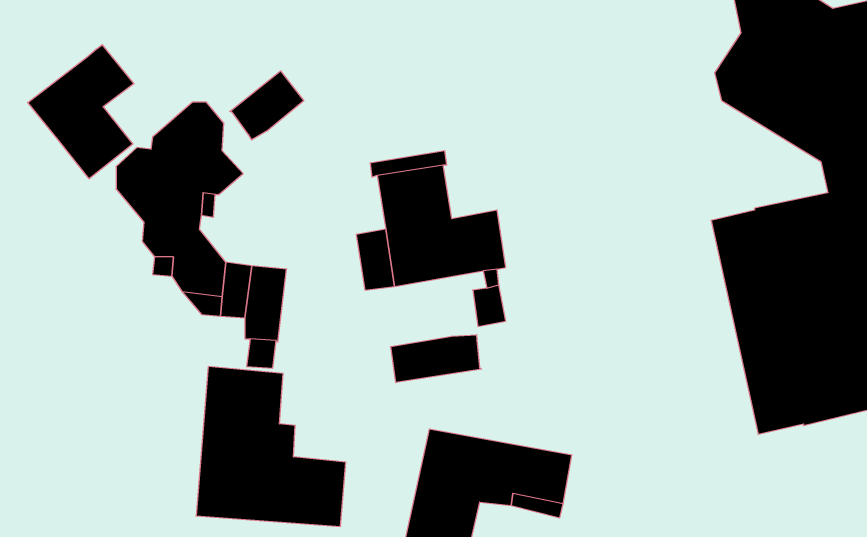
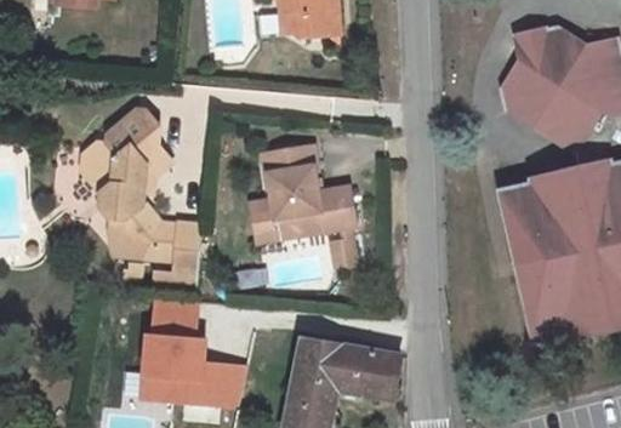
building: [28,45,134,179] -> none
building: [230,71,304,140] -> none
building: [391,335,481,383] -> none

